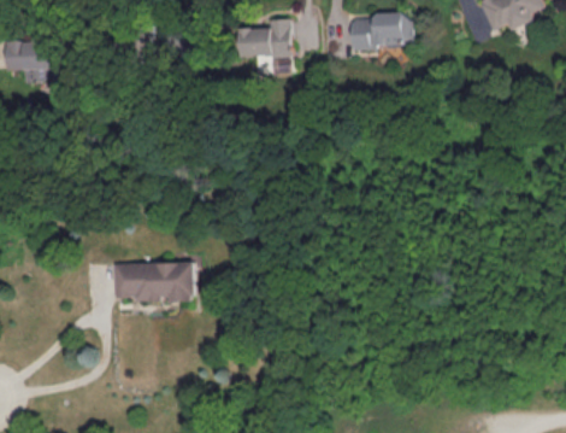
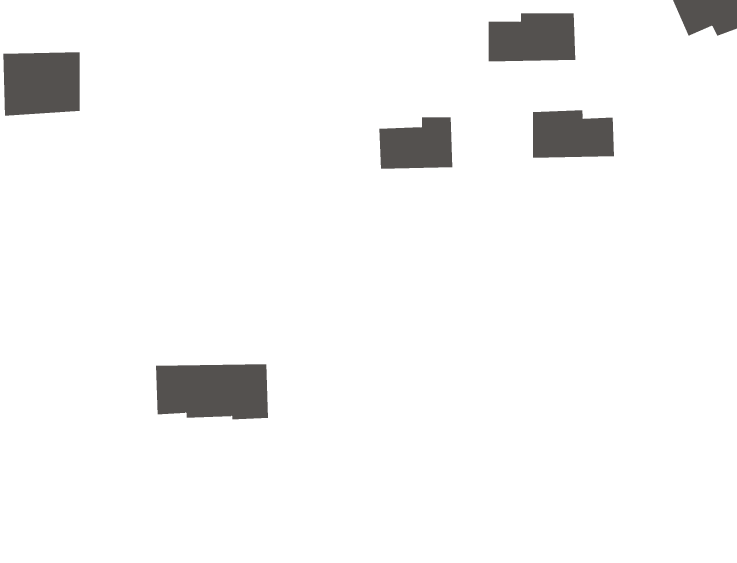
building: [237,19,290,57] -> [379,117,453,169]
building: none -> [532,110,615,159]

